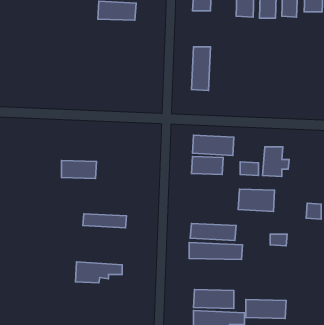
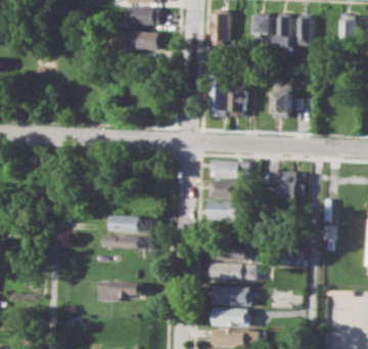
building: none -> [273,83,289,118]
building: none -> [230,89,245,116]
building: [61,160,96,179] -> [110,216,144,233]
building: [238,189,274,212] -> [209,200,243,221]
building: [246,299,286,319] -> [214,287,252,305]

